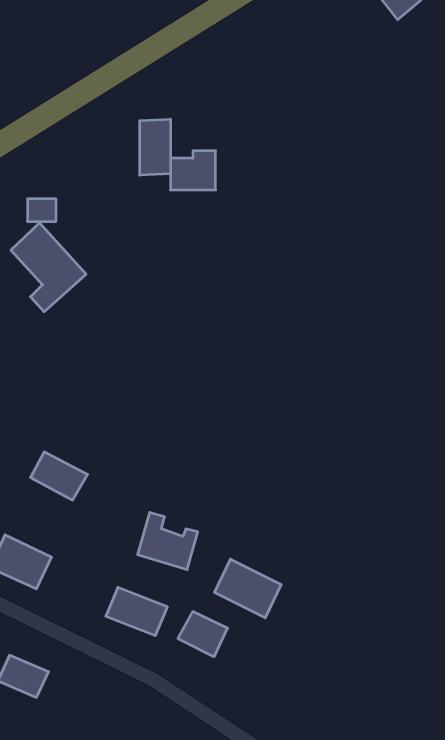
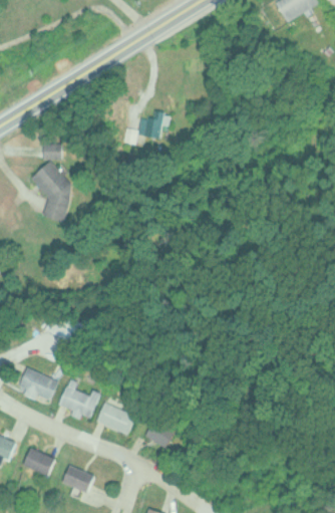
building: [140,119,170,175] -> none
building: [138,512,198,570] -> [59,379,99,418]
building: [215,559,281,618] -> none
building: none -> [61,465,94,493]

